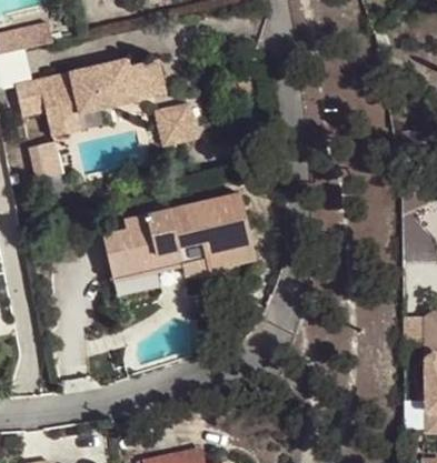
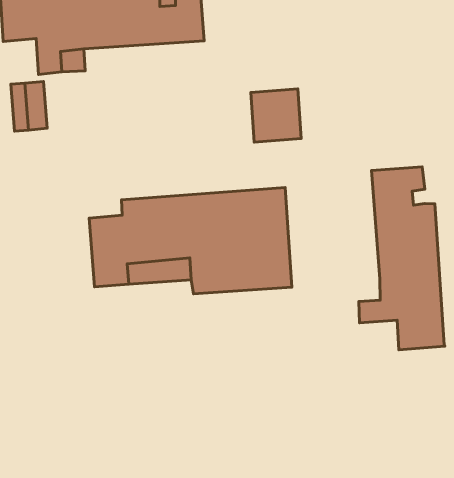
building: [155,103,196,147] -> [251,89,301,142]
building: none -> [359,167,445,350]

